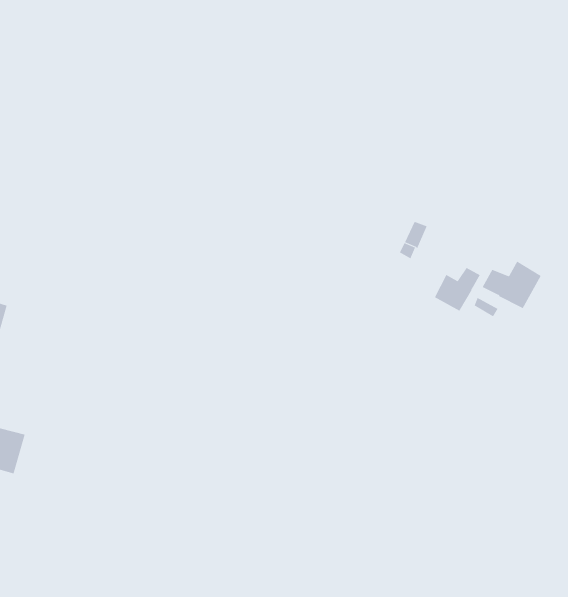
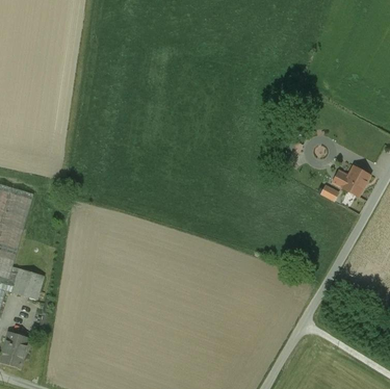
building: [434,267,481,311] -> none

